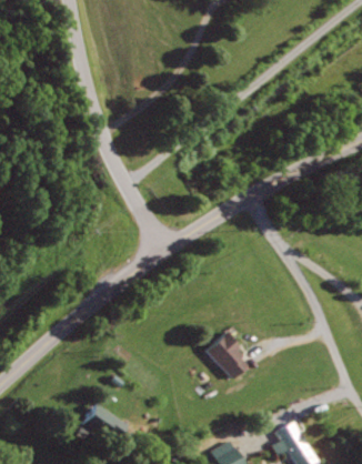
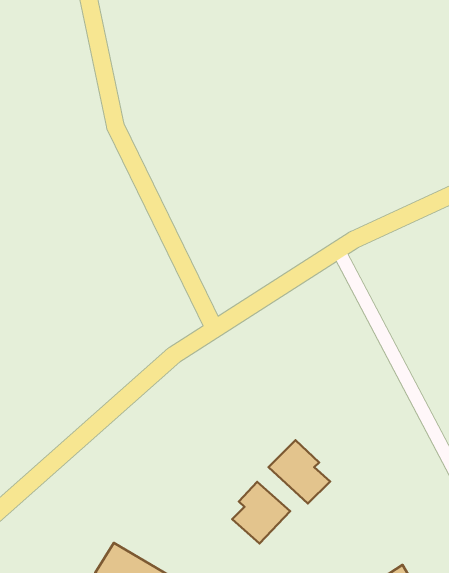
building: none -> [232,482,290,543]

